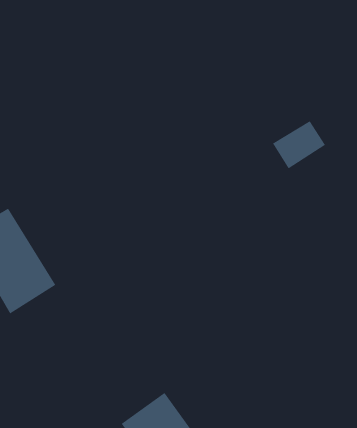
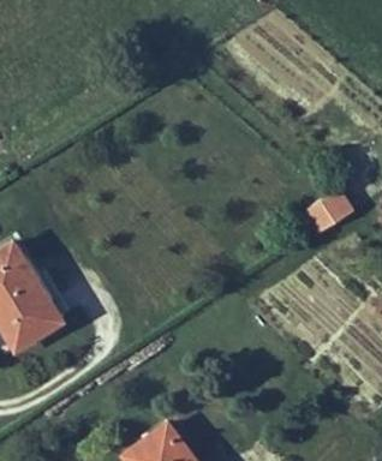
building: [272,120,326,169] -> [300,187,353,235]

